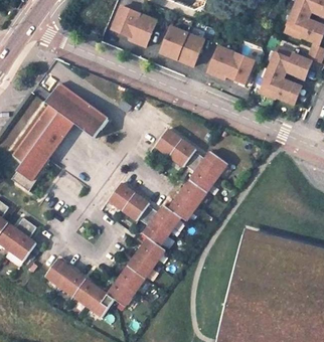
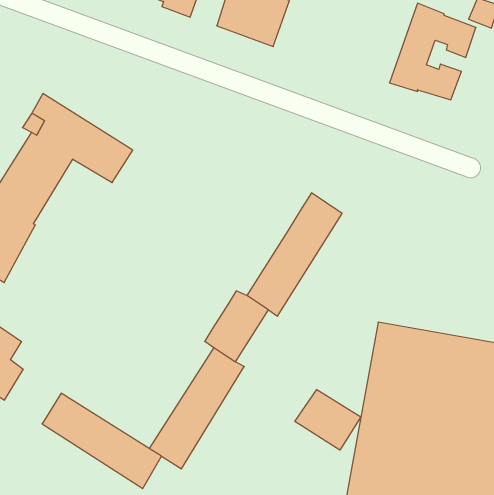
building: [207,45,254,83] -> none
building: [154,130,203,173] -> none
building: [107,183,157,227] -> none
building: none -> [295,390,361,450]

